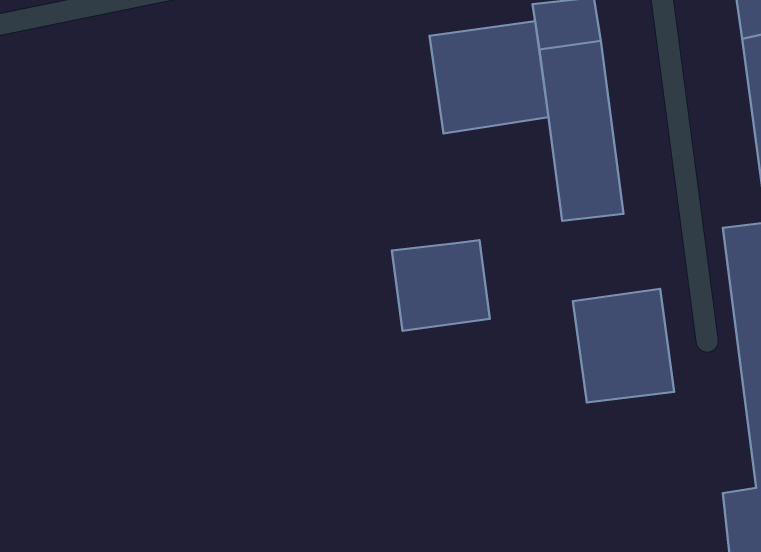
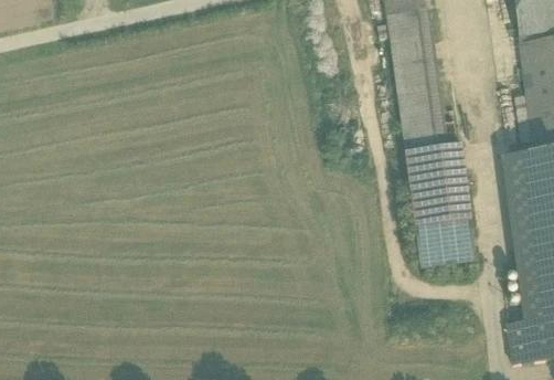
building: [430,21,549,133] -> none
building: [392,240,490,331] -> [405,139,467,197]

